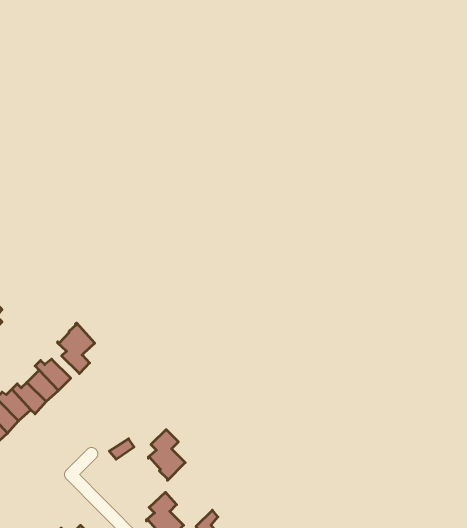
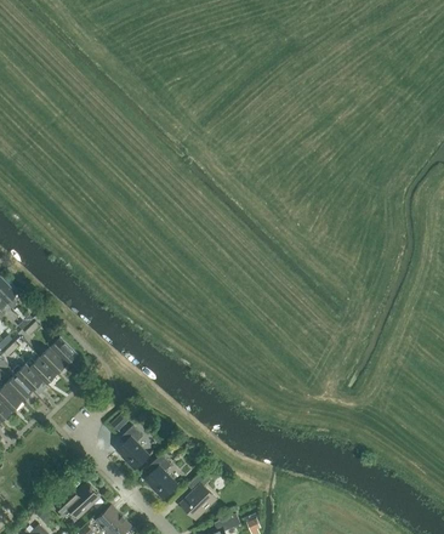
building: [58,323,95,374] -> none
building: [148,430,185,480] -> [116,426,149,471]

